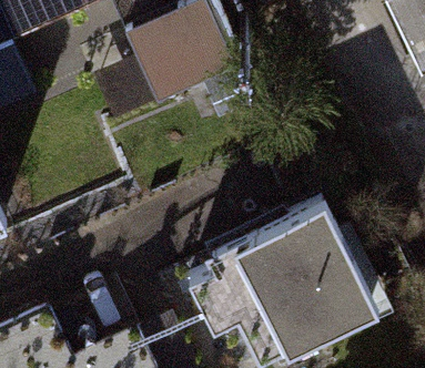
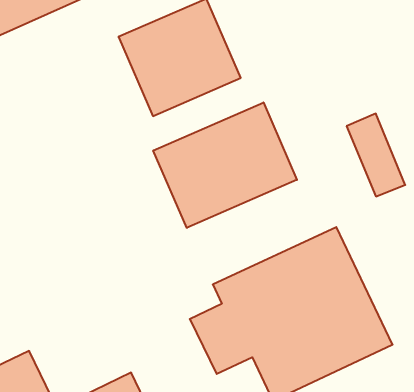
building: none -> [153,102,297,228]

